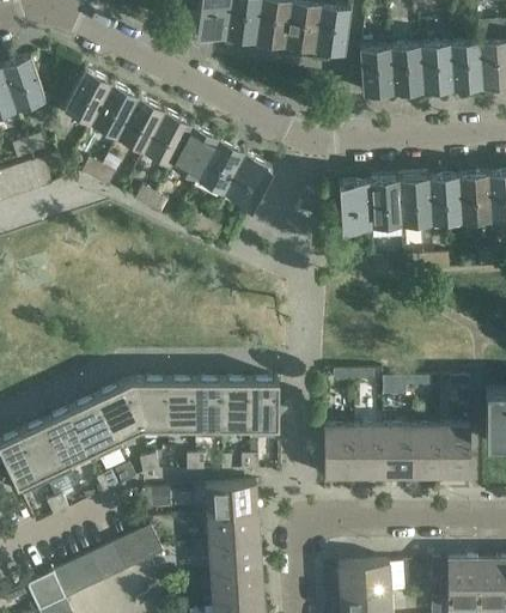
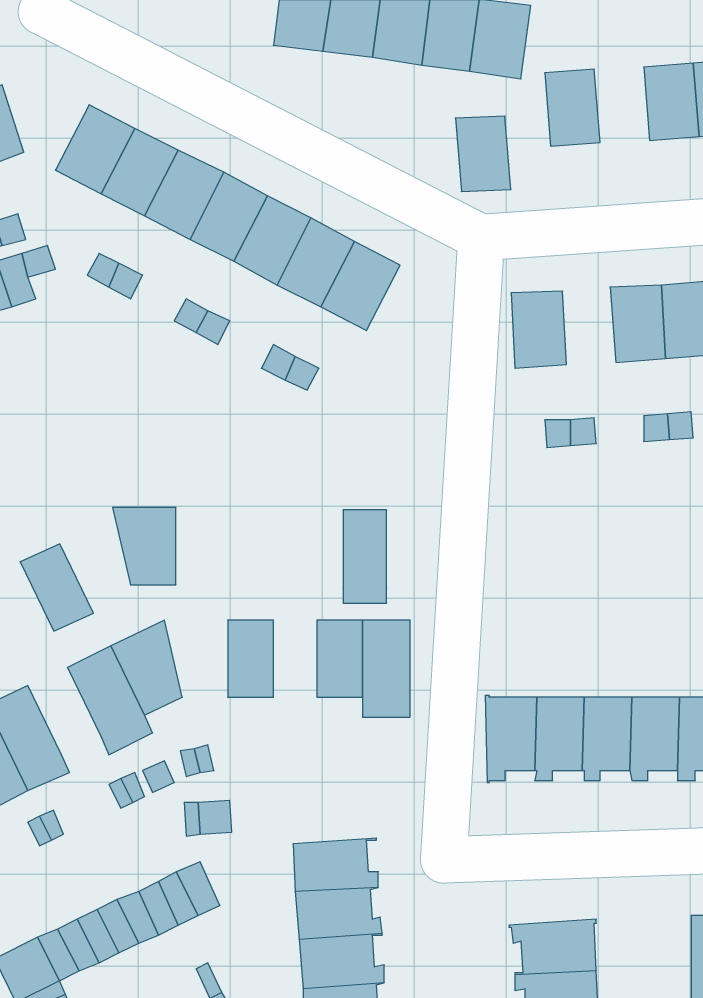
building: [390,49,423,95] -> [455,116,511,191]
building: [371,182,403,229] -> none
building: [130,383,169,430] -> [113,507,176,585]
building: [196,383,222,439] -> [343,510,387,603]
building: [48,412,92,465] -> [20,544,93,631]
building: [206,486,258,518] -> none

